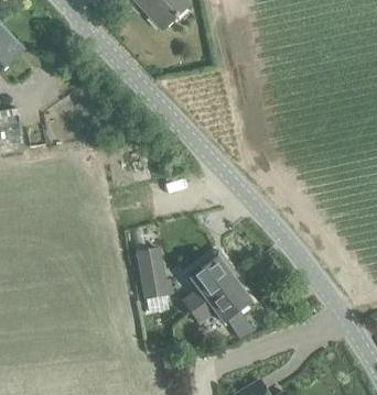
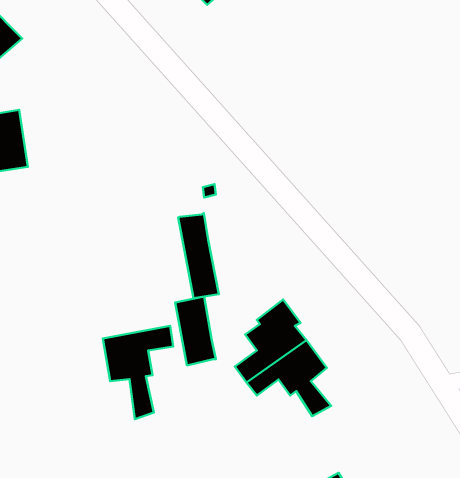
building: none -> [178,213,219,298]
building: none -> [103,326,173,419]

